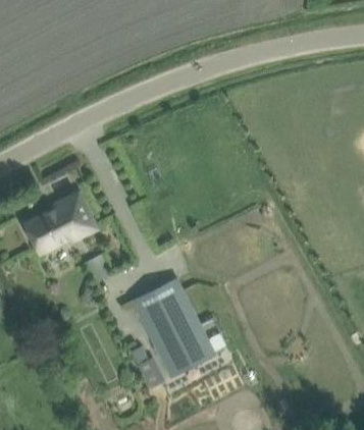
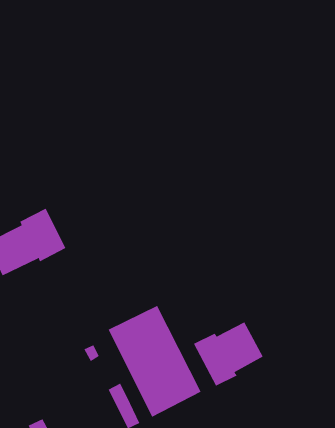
building: none -> [193,321,263,386]

